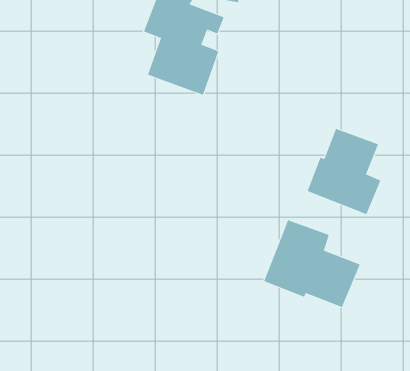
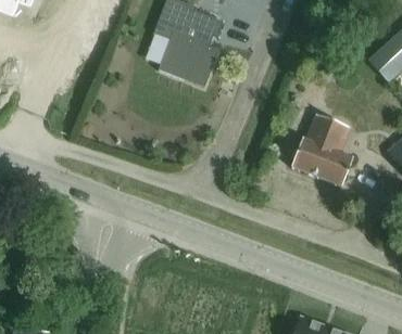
building: [264,219,361,308] -> none

